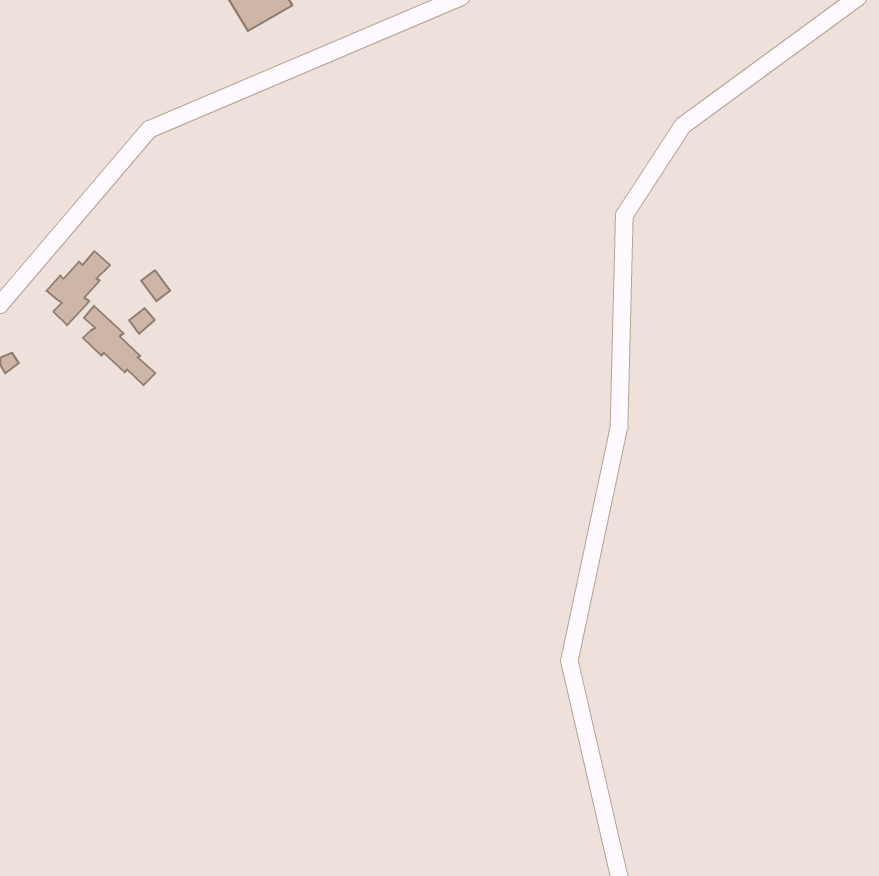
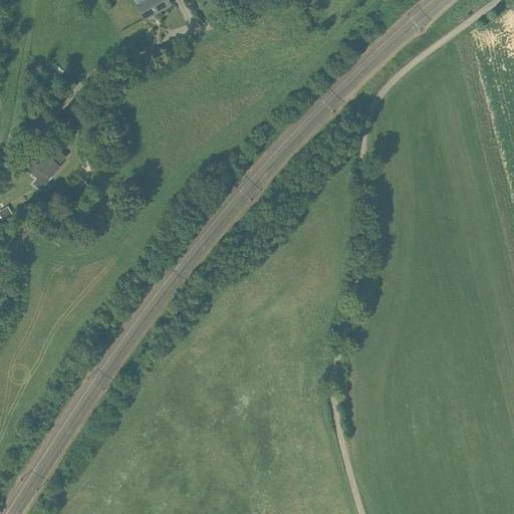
building: [83,306,155,385] -> none

